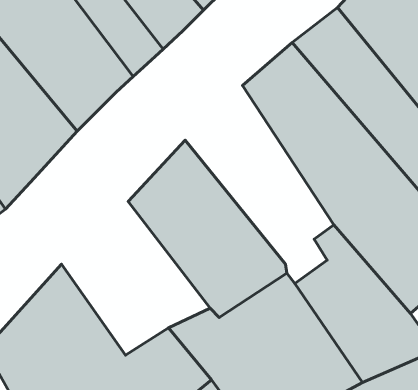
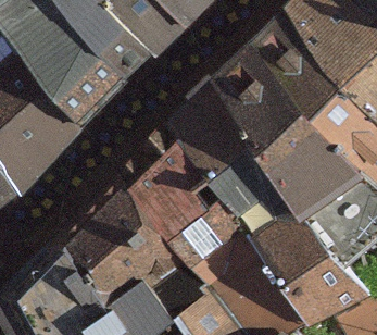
building: none -> [179,78,303,227]
building: none -> [76,175,200,303]

